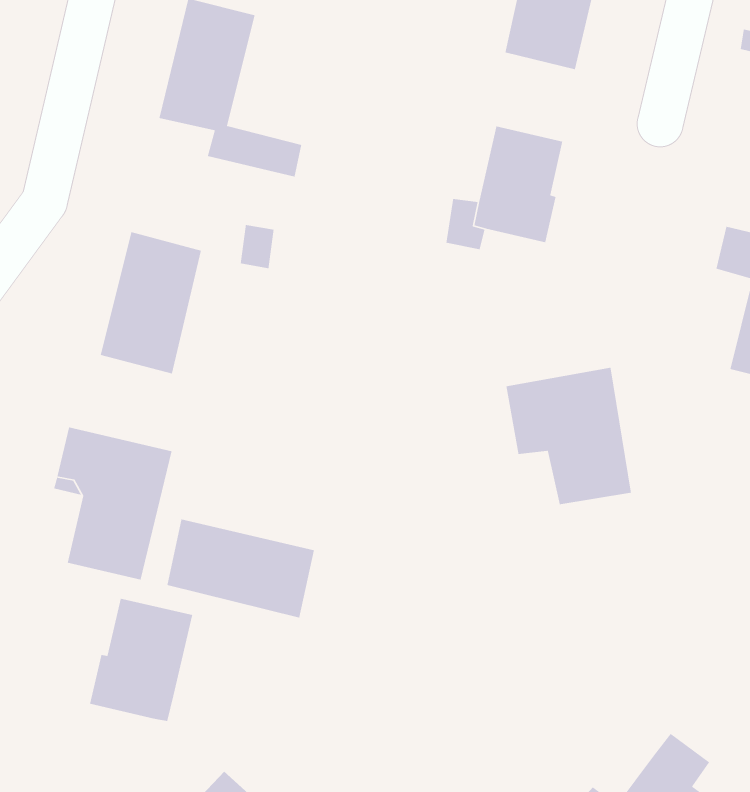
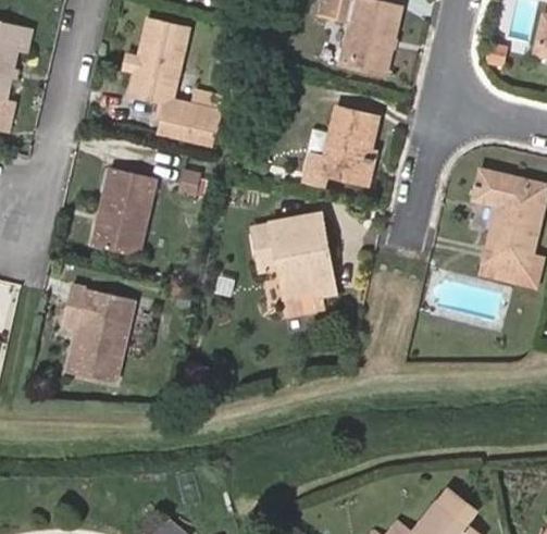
building: [506,367,632,505] -> [254,212,334,299]
building: [166,519,315,618] -> none
building: [89,598,193,722] -> none

